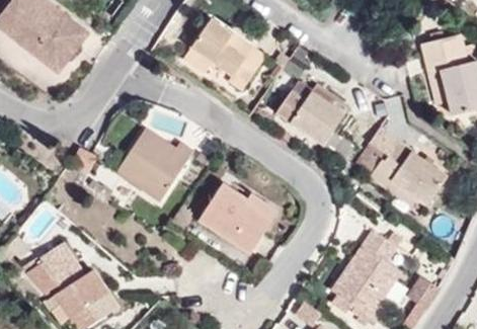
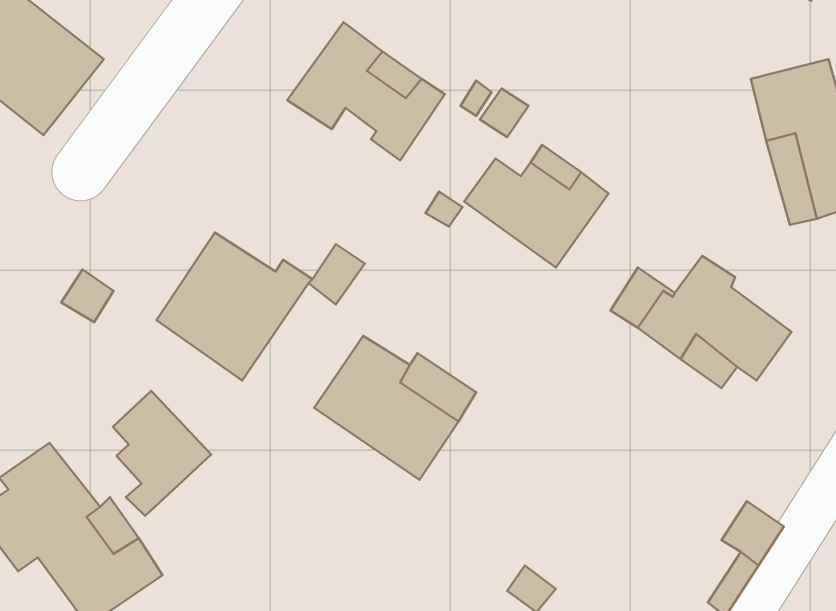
building: none -> [113,391,211,516]
building: [327,227,403,318] -> none

